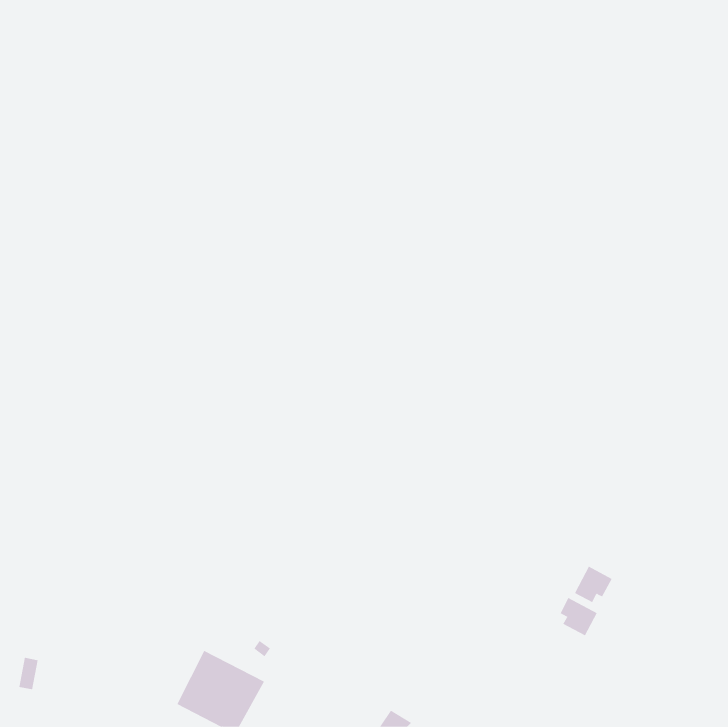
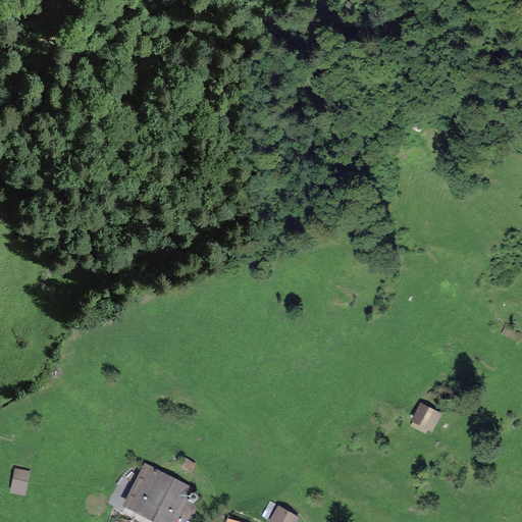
building: [560,597,598,636] -> none

